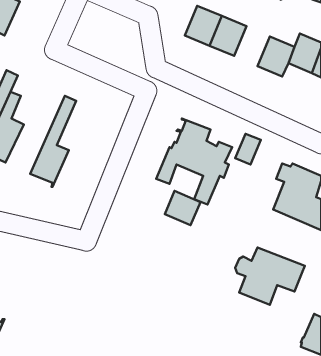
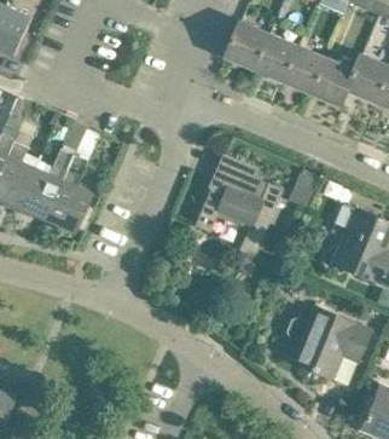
building: none -> [284,46,326,93]
building: none -> [14,121,85,220]
building: [165,191,201,225] -> none

